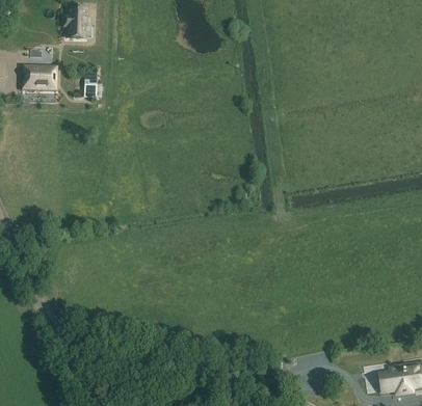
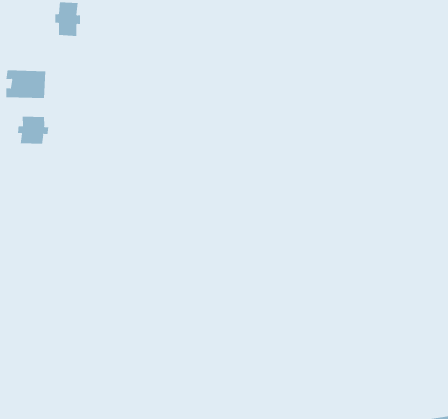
building: none -> [17,116,49,144]

